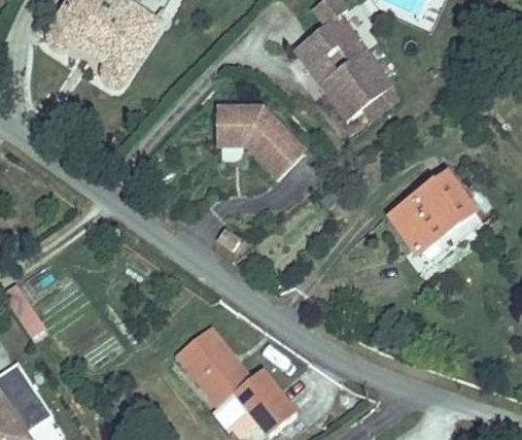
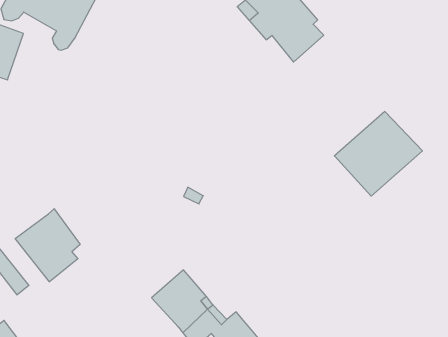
building: [215,114,302,180] -> none
building: none -> [15,209,80,282]

